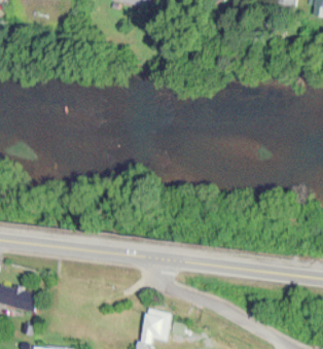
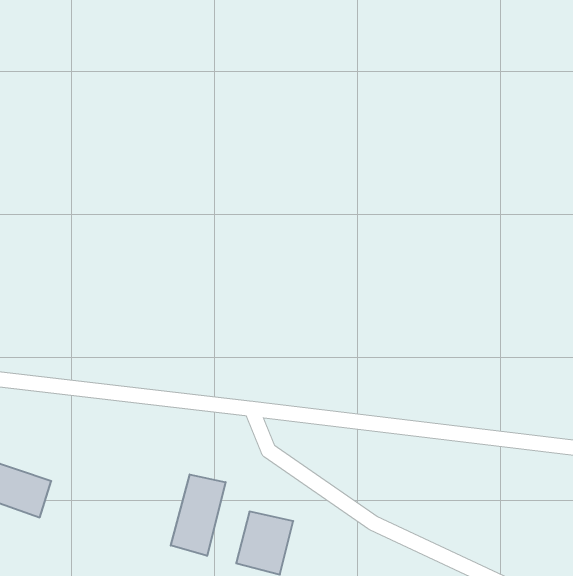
building: none -> [171,474,226,556]

